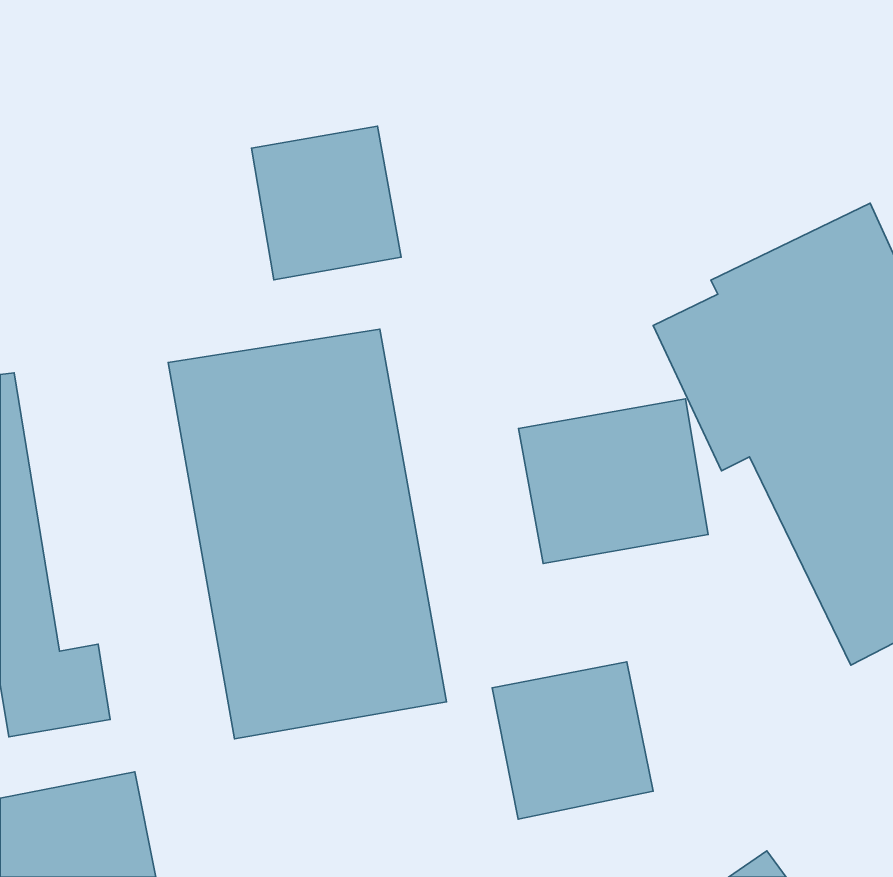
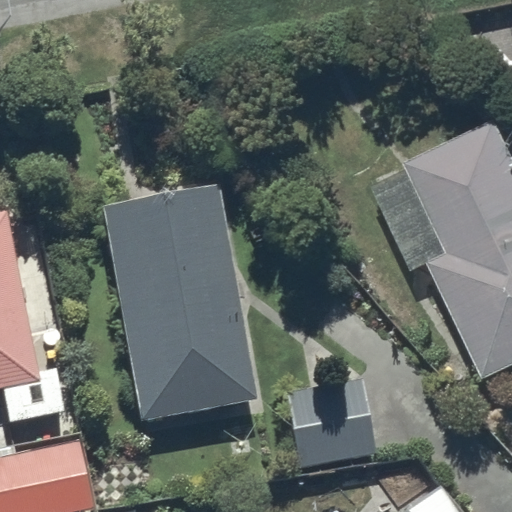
building: [252,126,401,280] -> none
building: [518,399,708,563] -> none

